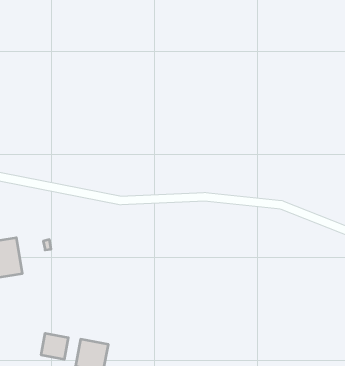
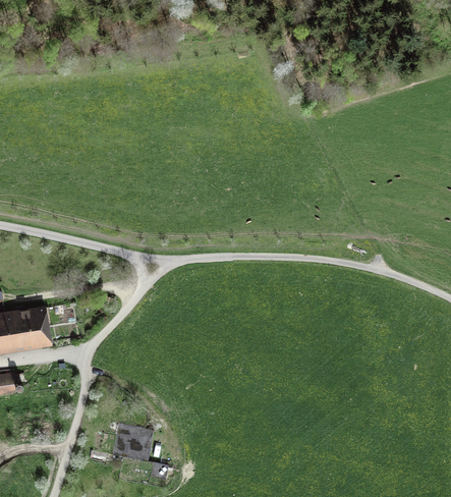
building: [41,333,68,359] -> none

